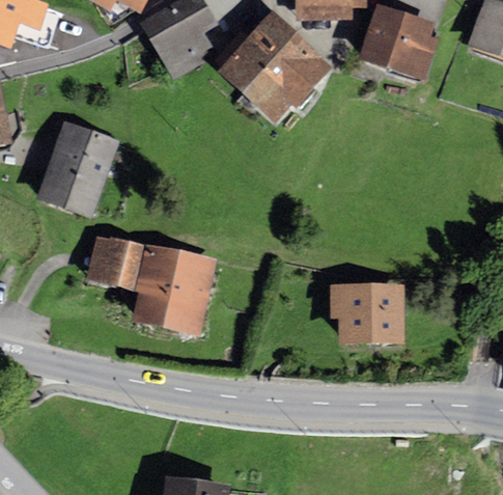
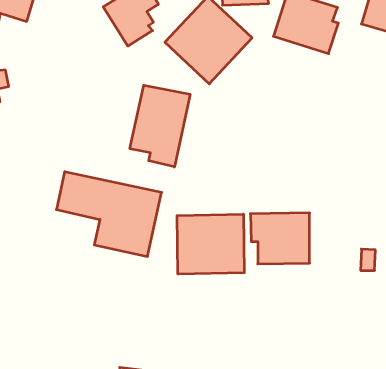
building: [36,117,120,220] -> none
building: none -> [130,85,190,167]
building: none -> [177,214,244,274]

